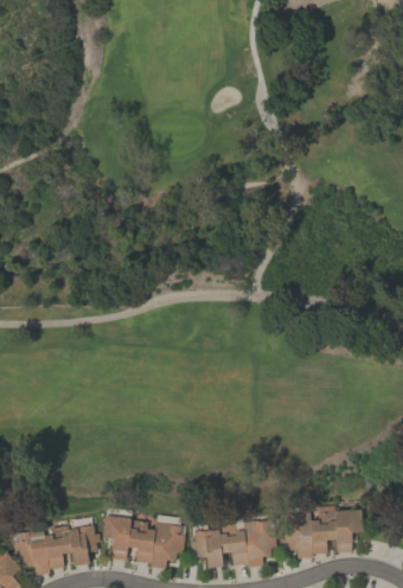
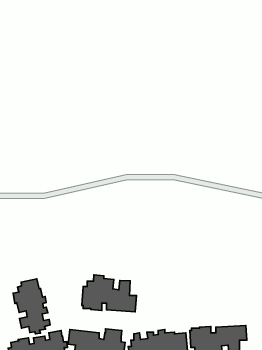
building: none -> [82,275,137,312]
building: none -> [13,279,50,334]

